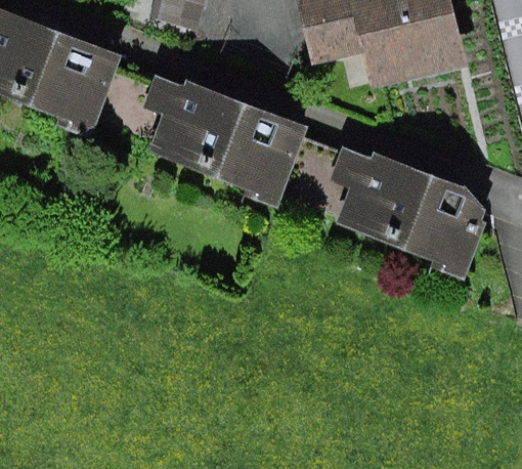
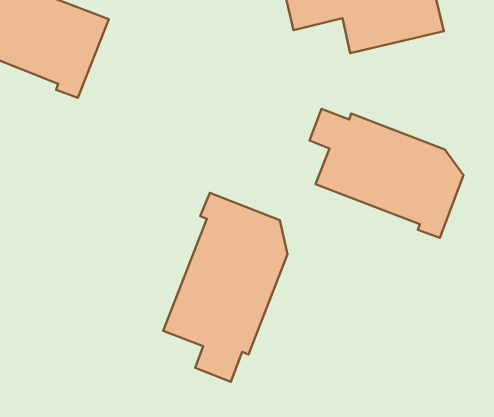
building: [142,75,308,208] -> none
building: none -> [163,193,287,382]

